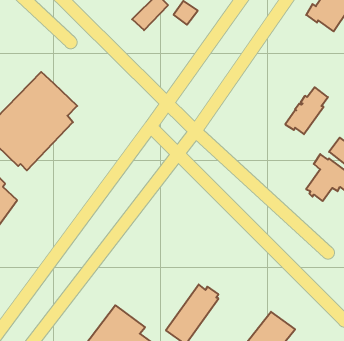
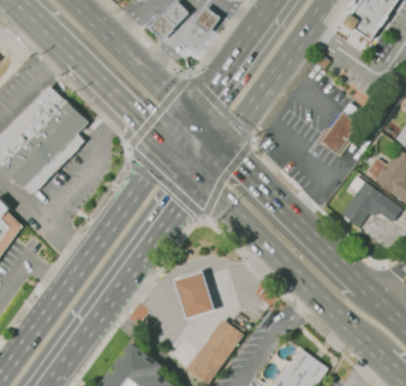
building: none -> [175,272,214,319]

